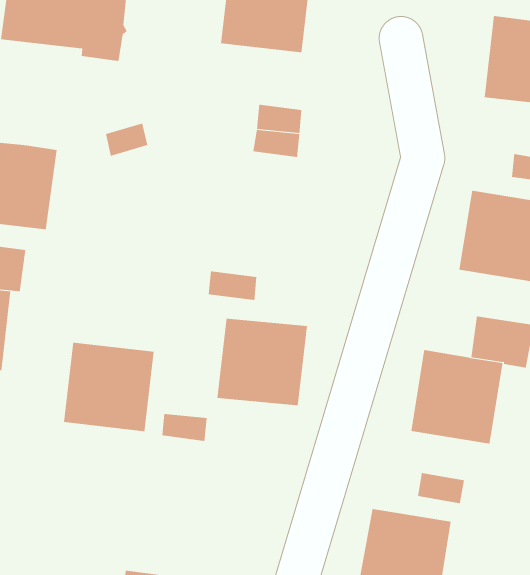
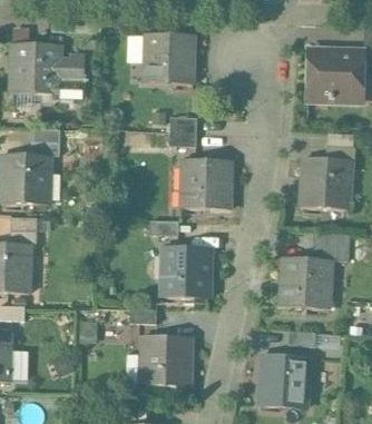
building: none -> [30,128,59,155]
building: none -> [180,157,232,208]
building: [63,342,154,432] -> [140,335,192,385]

